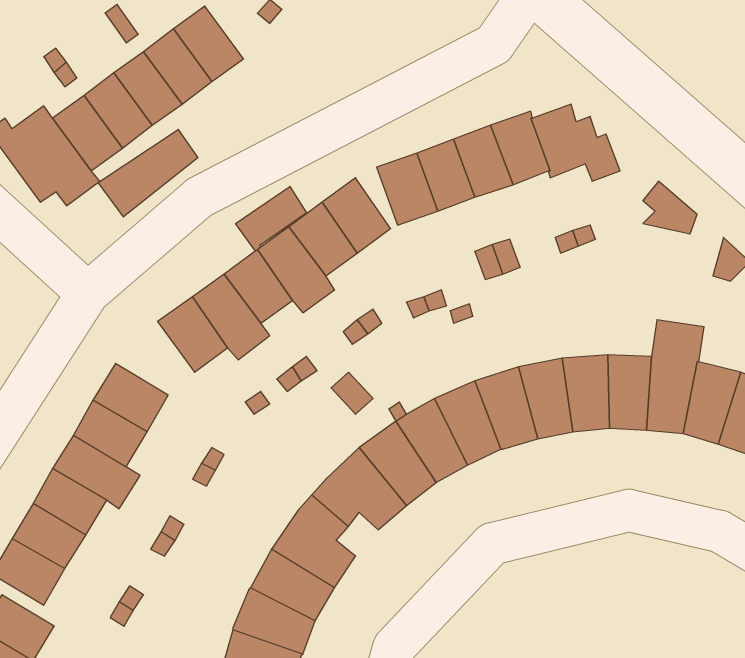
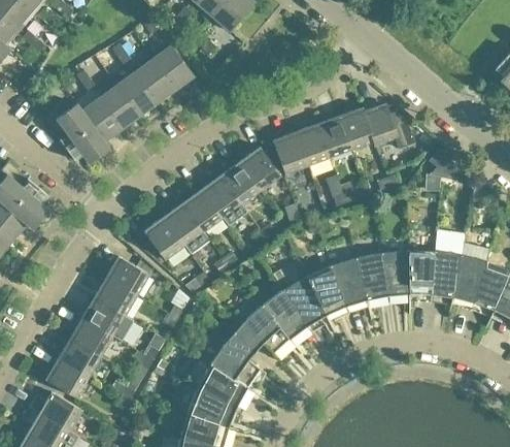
building: [98,129,198,217] -> none
building: [236,186,307,251] -> none

